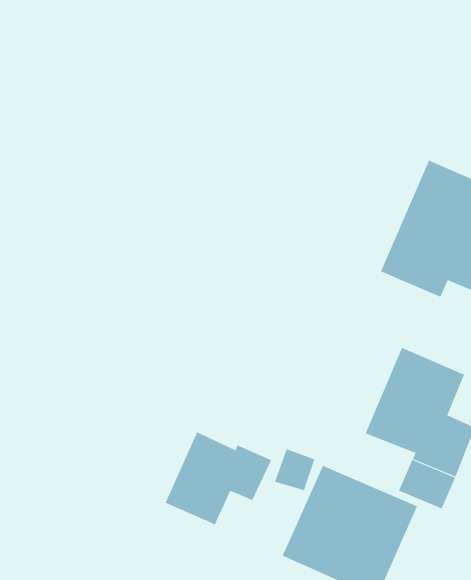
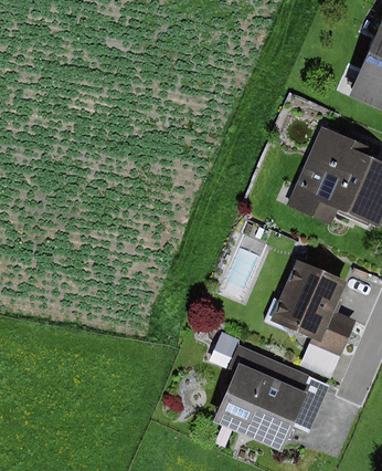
building: [165,431,272,525] -> none

